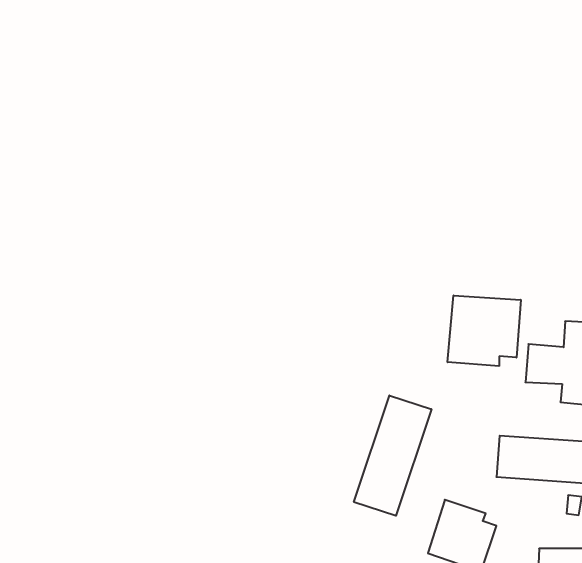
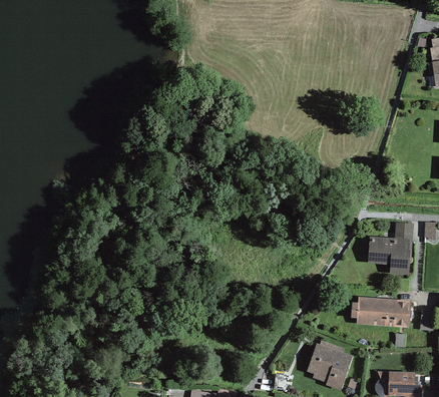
building: [448,295,521,366] -> none
building: [354,395,431,516] -> none

